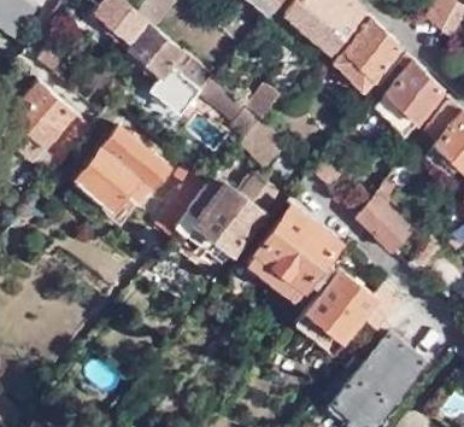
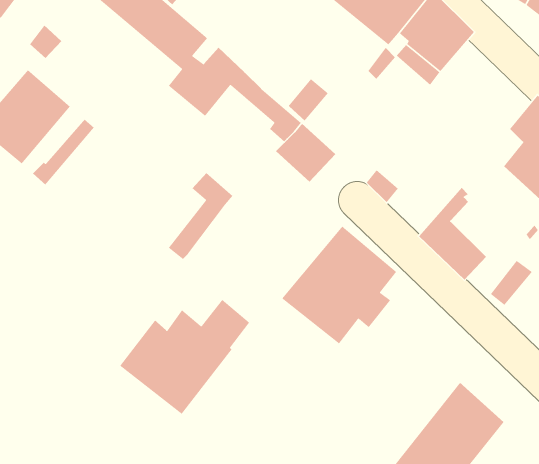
building: [372,55,444,140] -> none
building: [77,127,171,221] -> none
building: [176,175,282,269] -> [119,299,250,415]
building: [295,273,394,357] -> none

